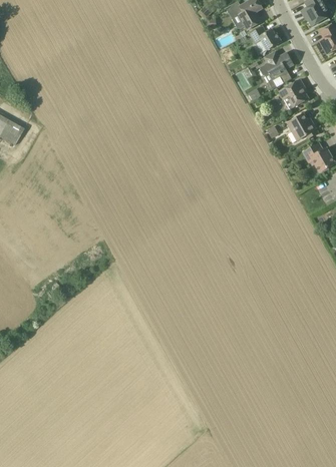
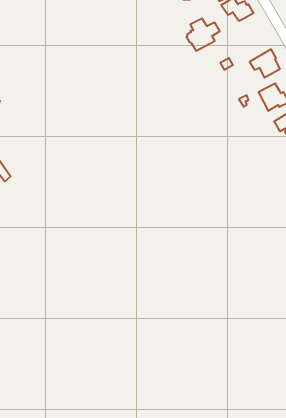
building: [259,50,293,83] -> [186,18,220,51]

